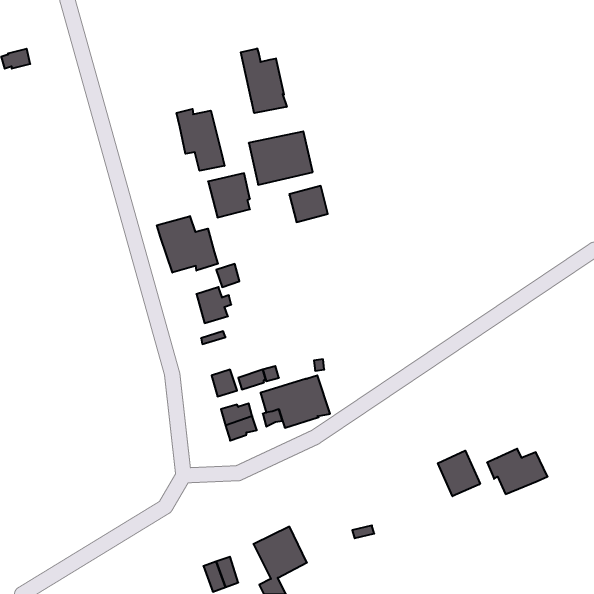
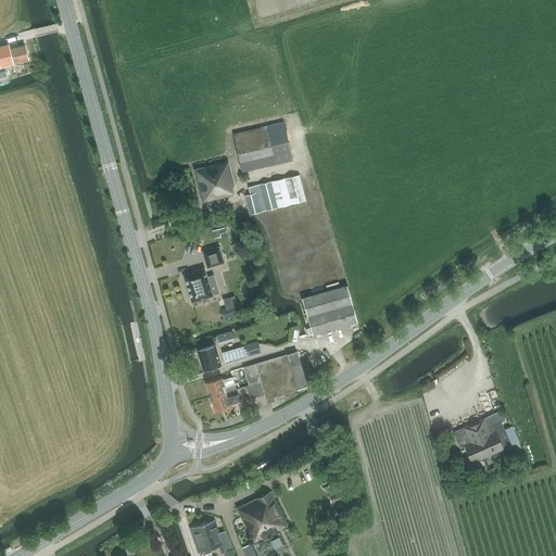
building: [241,48,287,113] -> none
building: [177,109,224,171] -> none
building: none -> [245,181,277,214]
building: [157,216,218,273] -> none
building: none -> [301,286,357,334]
building: [438,451,480,496] -> none

